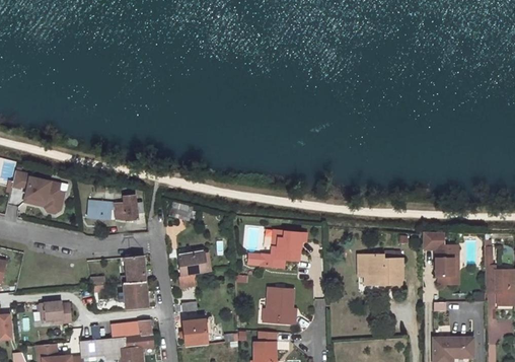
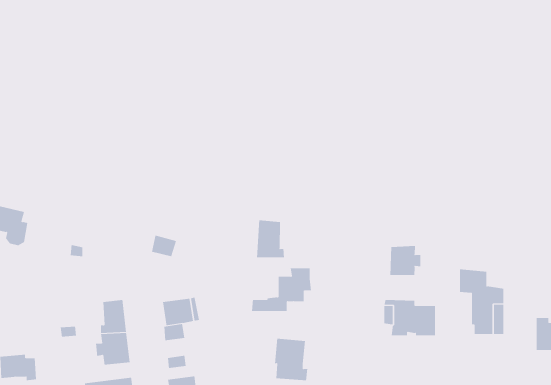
building: none -> [256,220,284,258]
building: [115,197,142,222] -> none
building: none -> [390,245,421,276]

